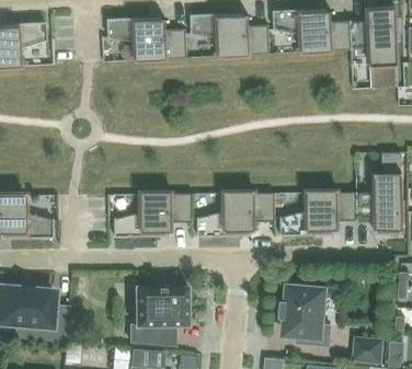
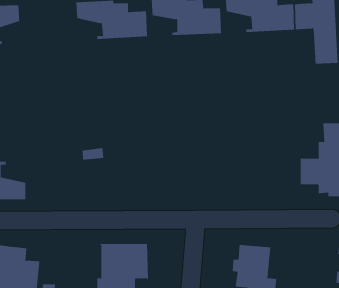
building: [281,192,356,235] -> none
building: [198,193,275,237] -> none
building: [115,194,193,237] -> none

